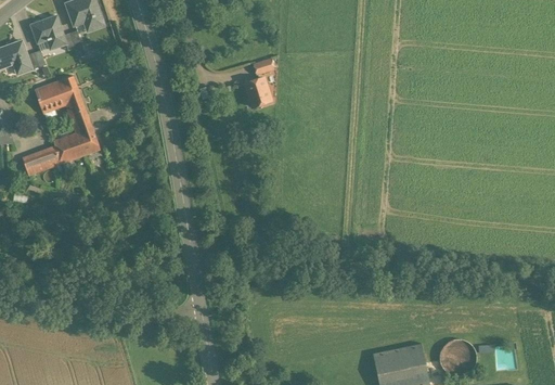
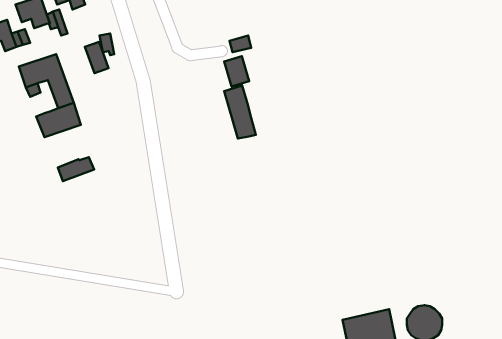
building: none -> [85,42,109,73]
building: none -> [224,85,256,138]
building: [23,150,61,175] -> [58,157,94,181]

